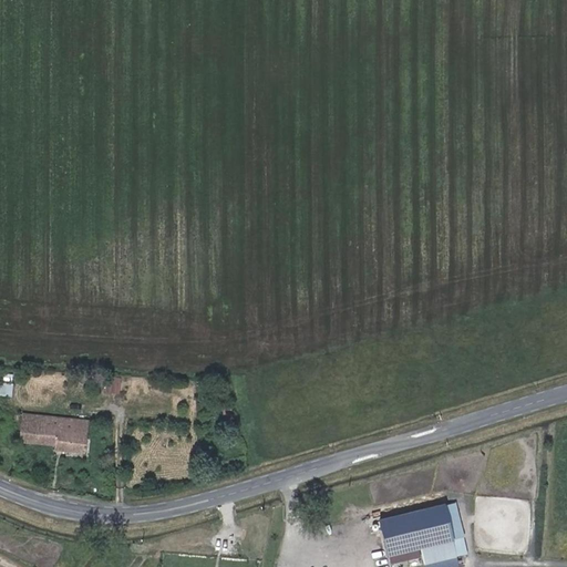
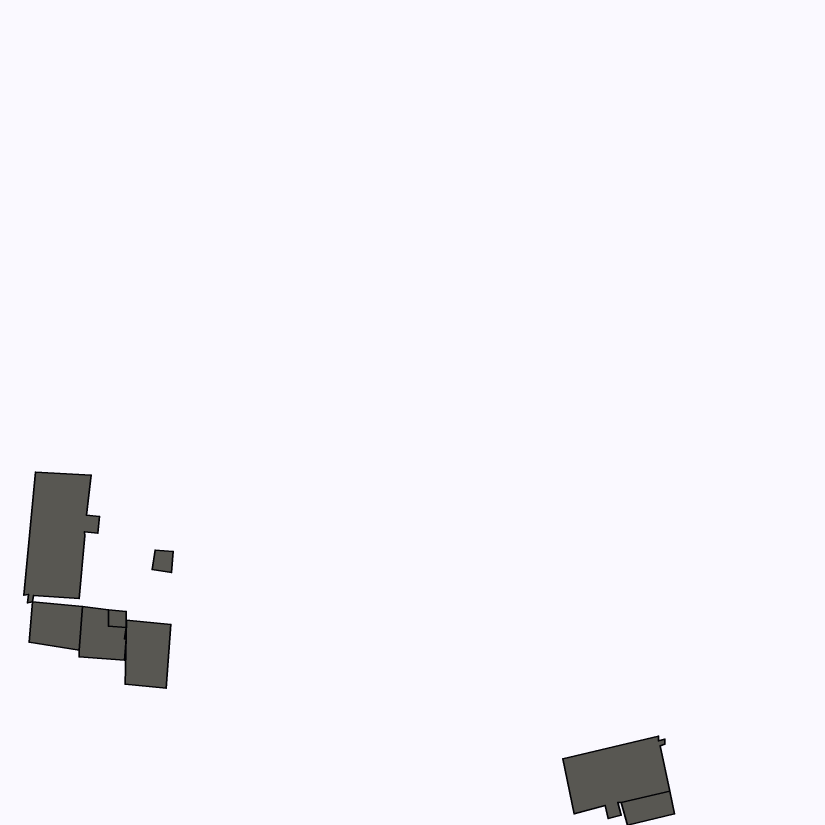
building: none -> [24,472,99,603]
building: none -> [125,620,171,688]

